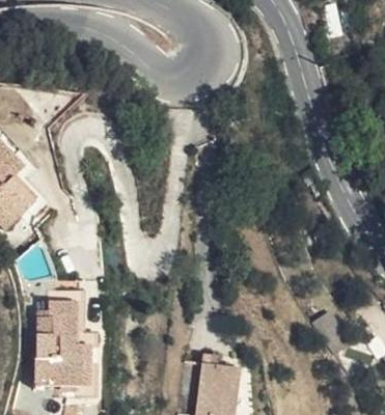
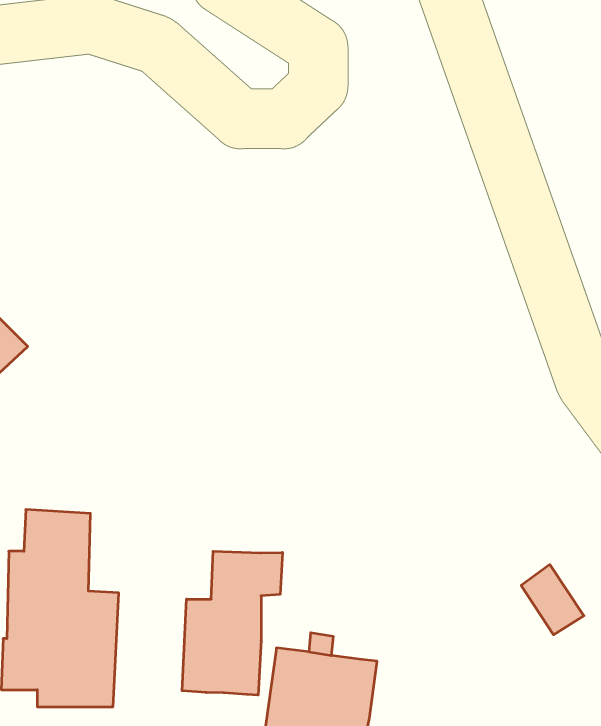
building: none -> [182,551,282,695]

